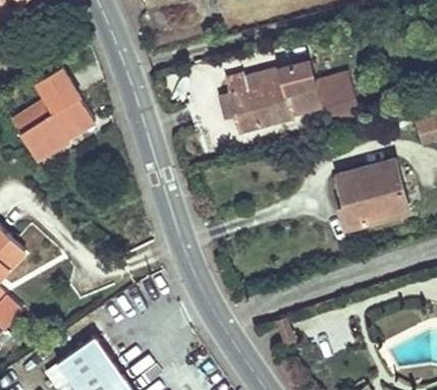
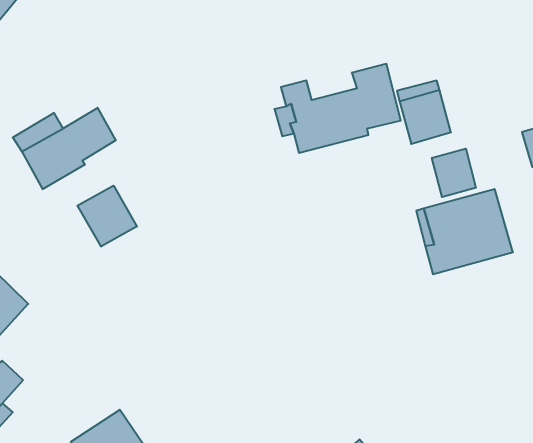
building: [36,67,79,112] -> none
building: none -> [432,149,476,197]
building: none -> [77,186,137,247]

